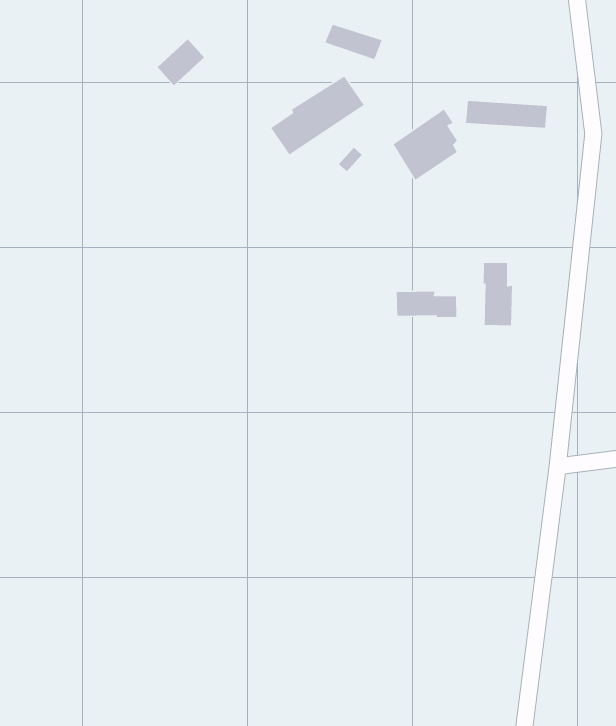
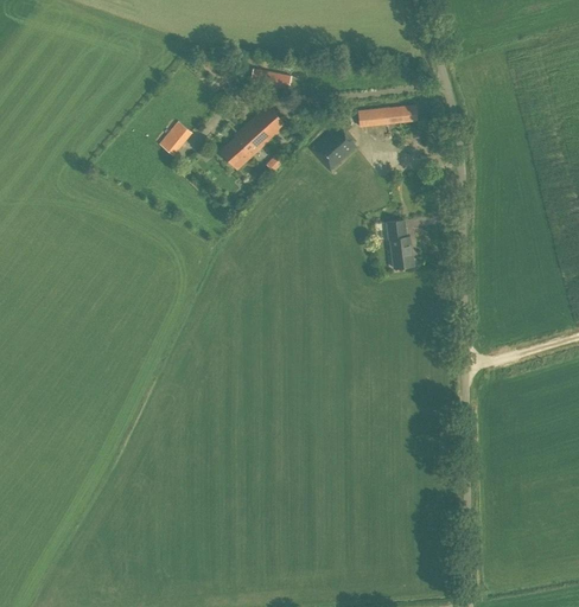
building: [157,38,205,86] -> [159,121,192,156]
building: [396,291,457,318] -> none

